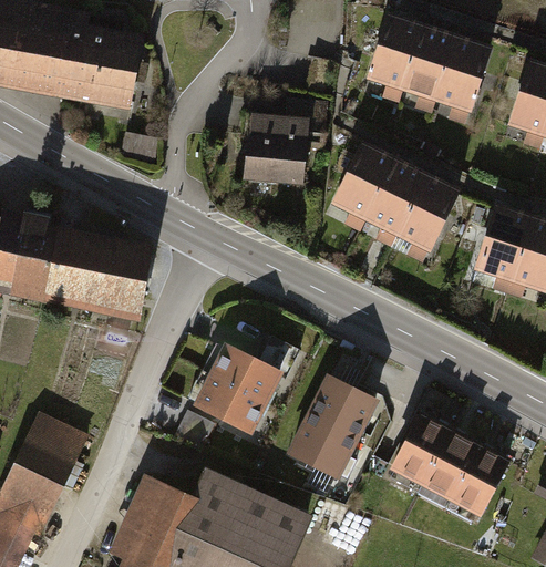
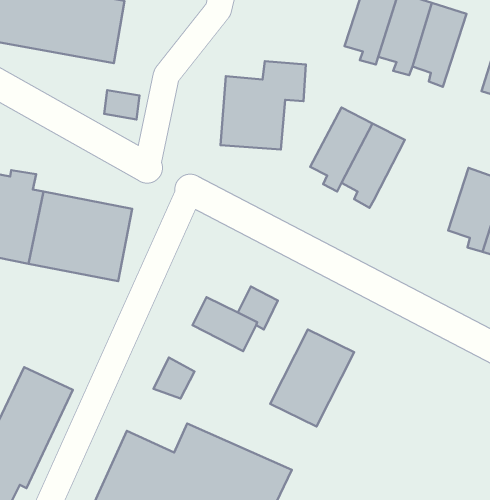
building: [396,179,461,266] -> none
building: [196,370,262,425] -> none
building: [395,414,507,512] -> none

